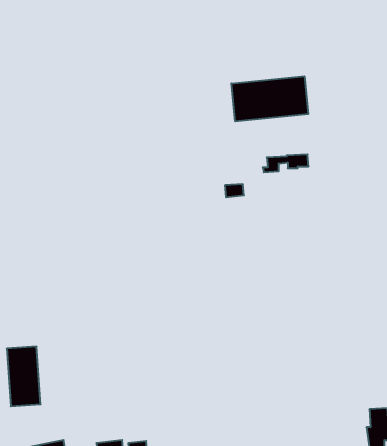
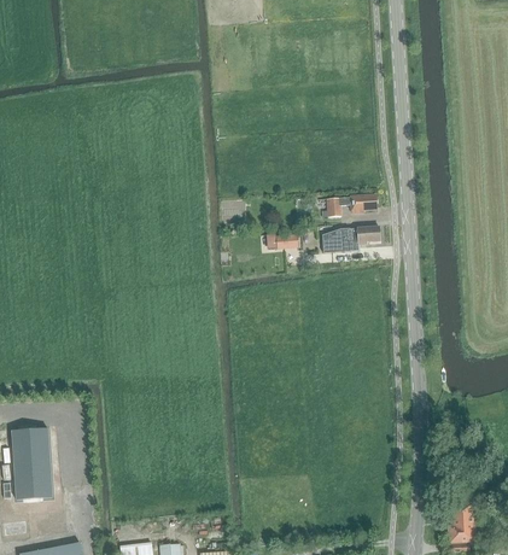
building: [231,76,308,121] -> none
building: none -> [331,227,379,251]

